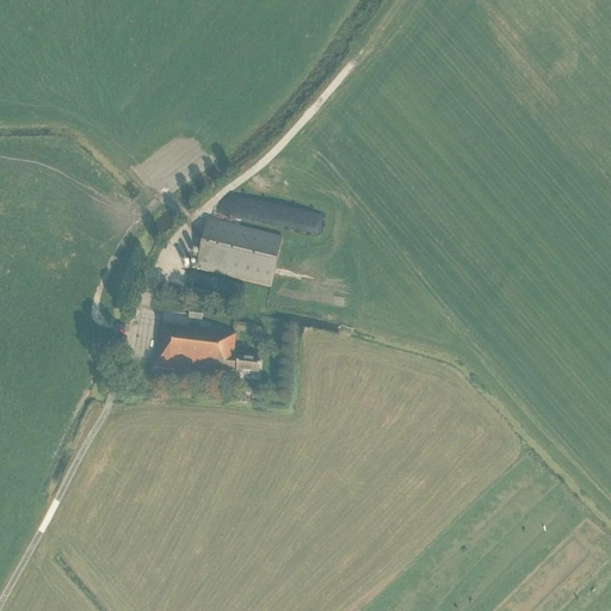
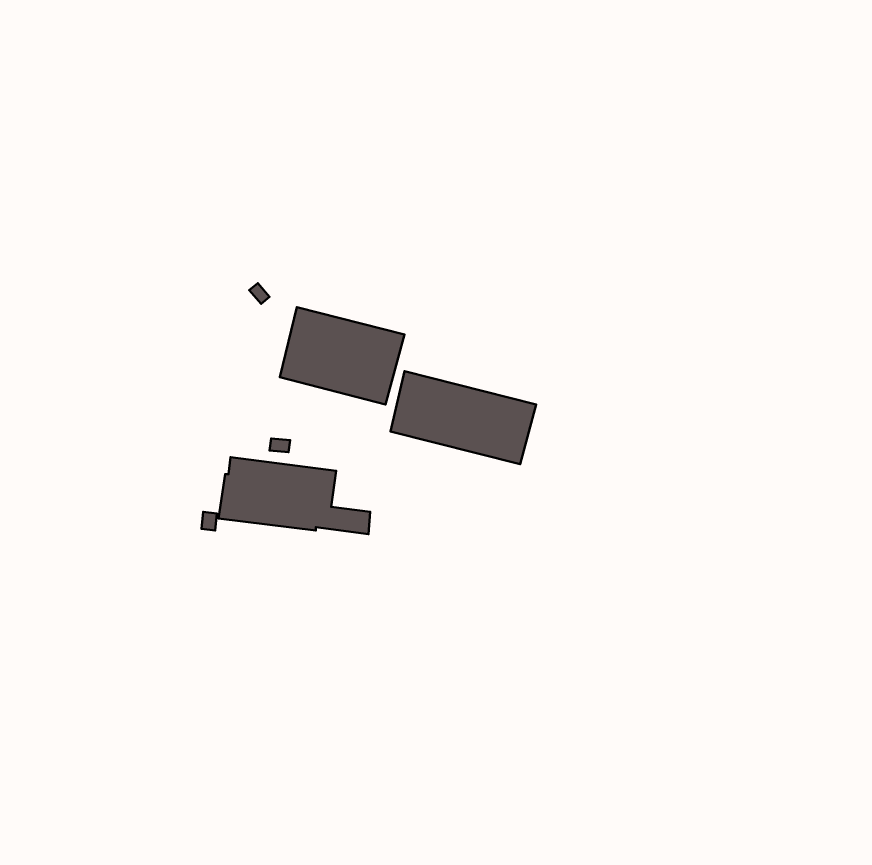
building: none -> [390,371,536,464]

